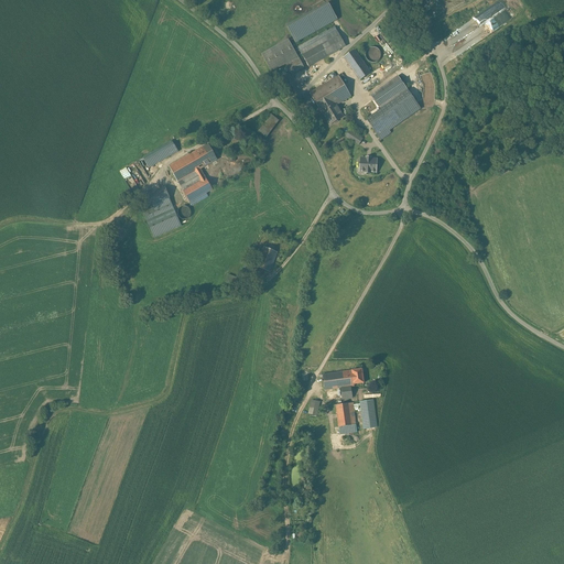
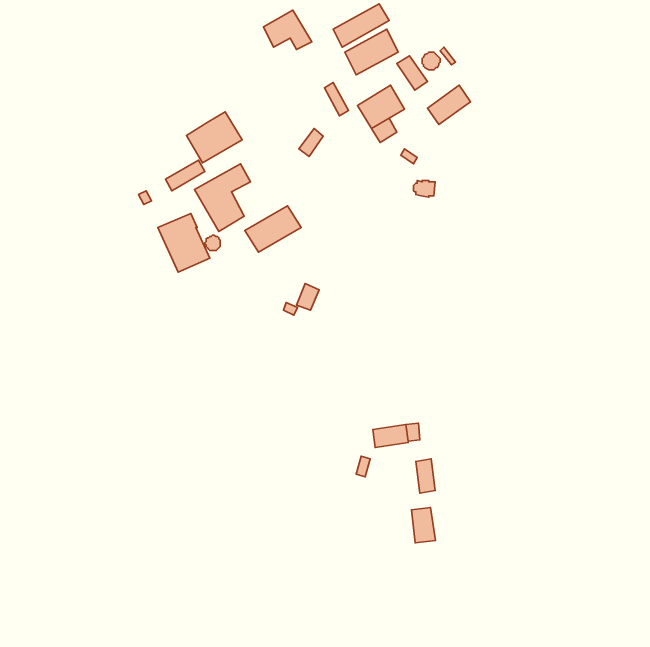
building: [262,37,304,72] -> [263,10,312,50]
building: [367,88,421,138] -> none
building: none -> [187,112,242,163]
building: none -> [245,206,301,252]
building: [336,401,357,432] -> [411,507,436,543]

